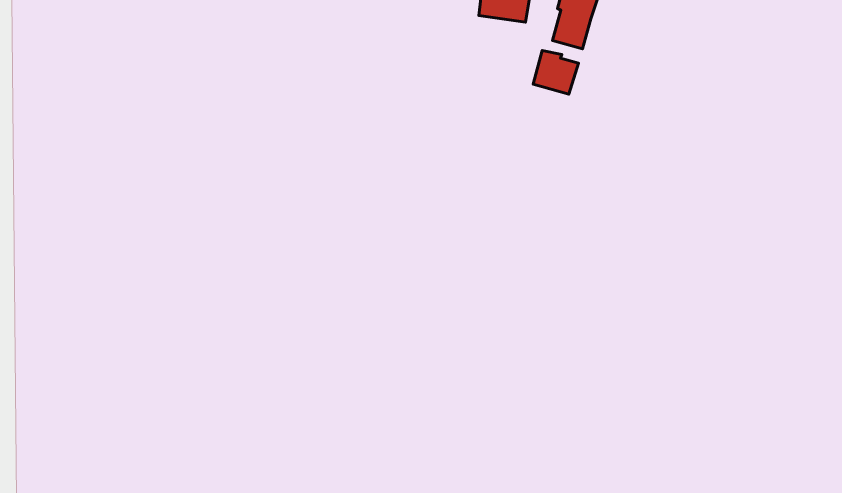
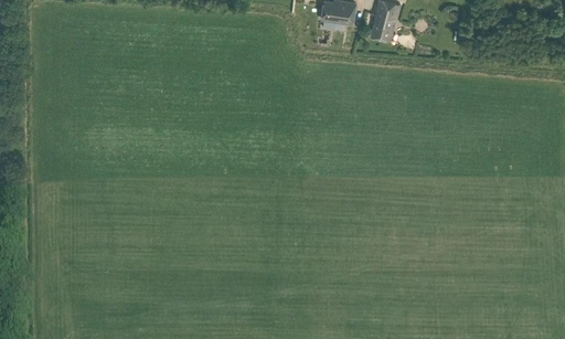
building: [533,51,578,94] -> none

